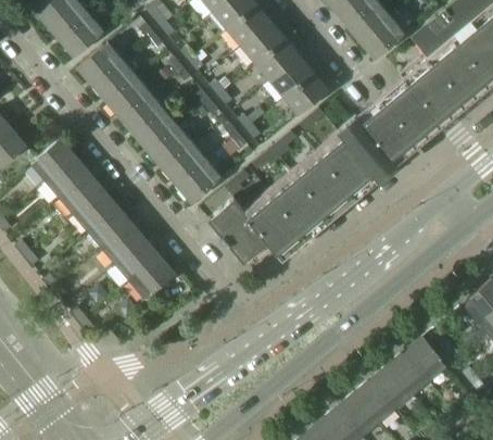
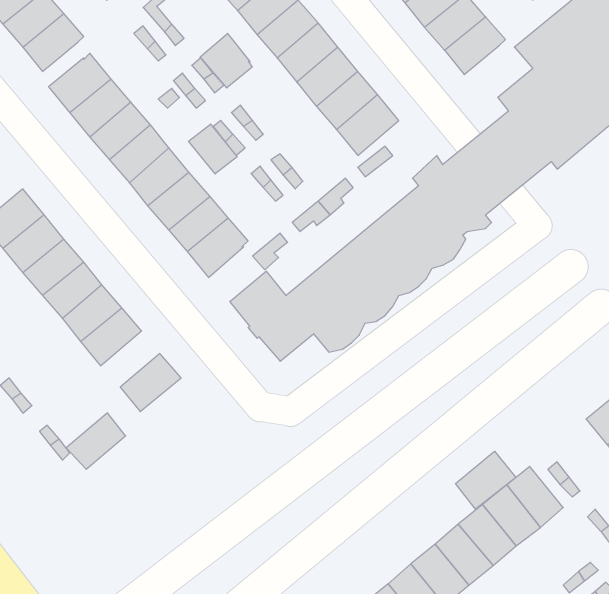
building: none -> [200,33,252,88]
building: none -> [189,124,237,174]
building: [115,240,157,280] -> [66,413,126,469]
building: none -> [456,451,516,509]

